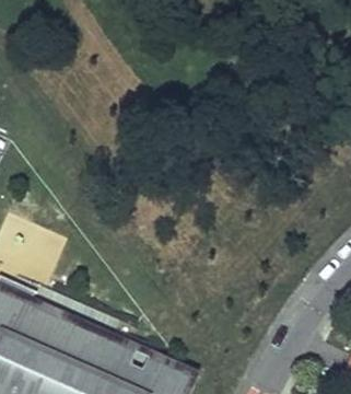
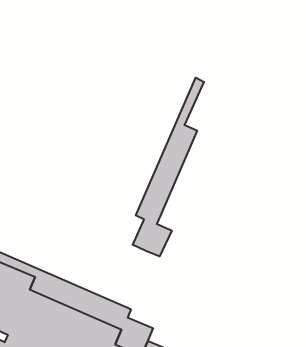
building: none -> [133,78,204,256]

